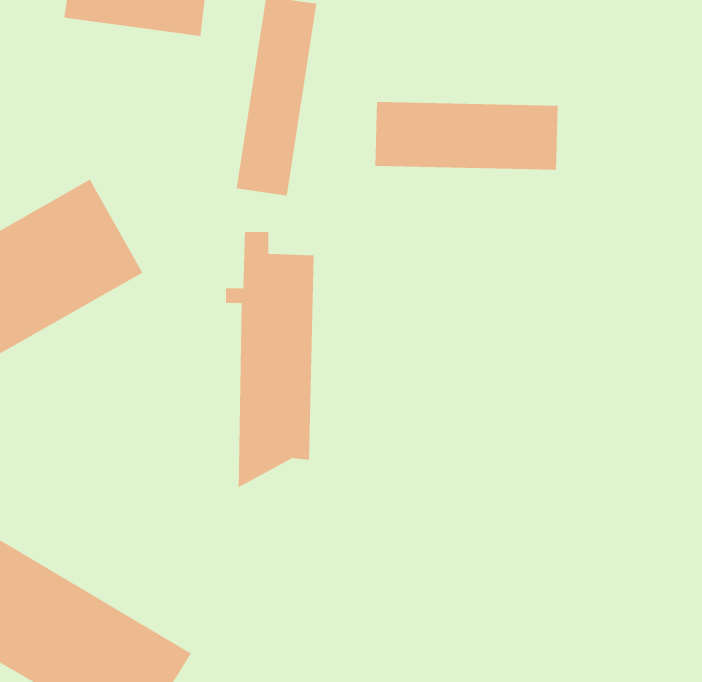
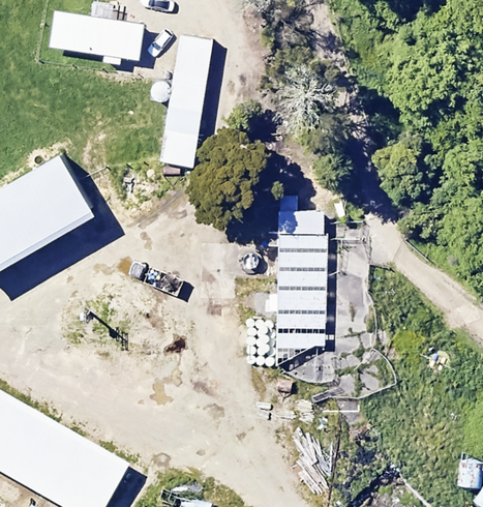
building: [375,101,558,171] -> none
building: [225,232,315,488] -> [268,195,327,364]

